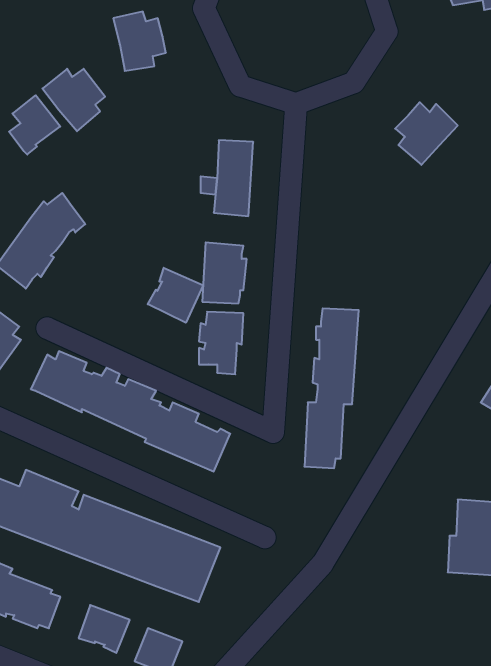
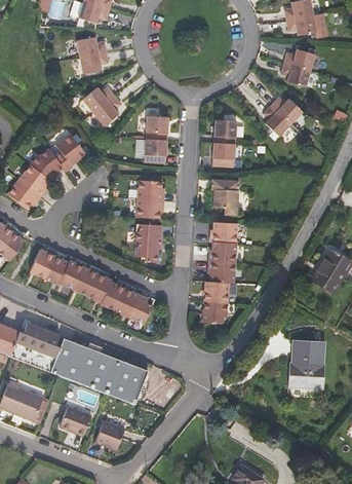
building: none -> [277,44,311,83]
building: [42,69,105,131] -> [89,84,128,123]
building: [9,95,60,155] -> [54,134,86,171]
building: none -> [212,119,236,167]
building: none -> [210,181,238,215]
building: [148,268,203,323] -> none

